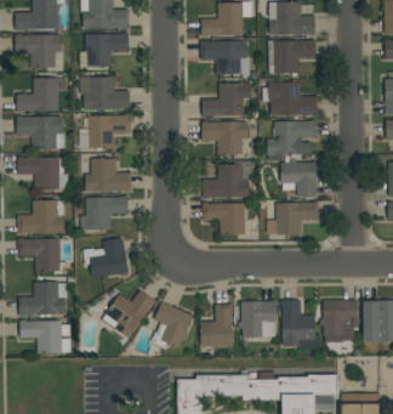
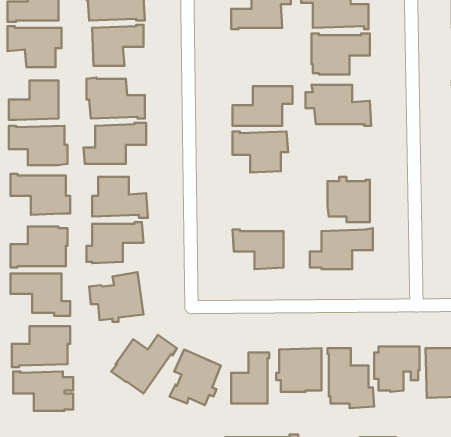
building: [201,40,250,74] -> none
building: [267,120,317,154] -> none
building: [204,161,254,199] -> none

